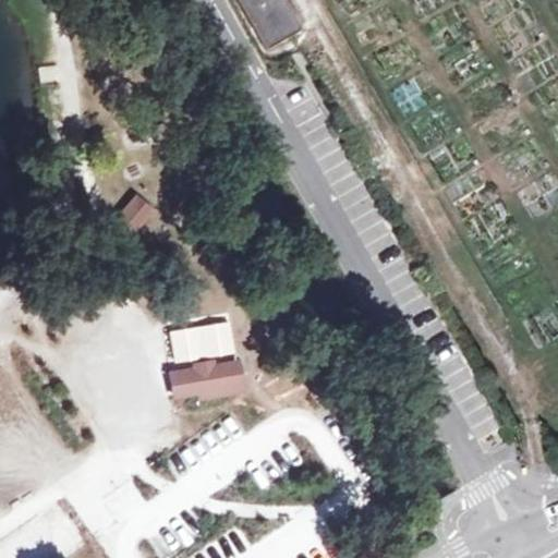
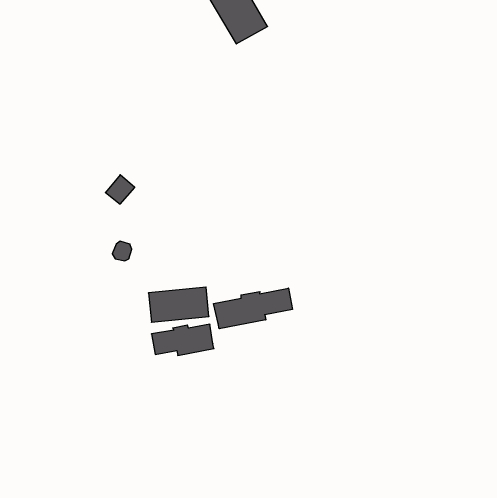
building: none -> [214,288,292,329]

